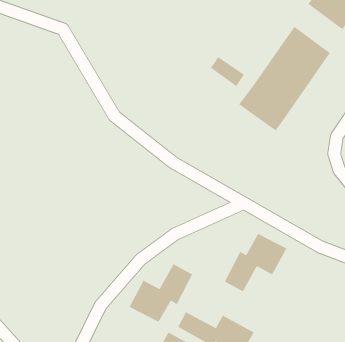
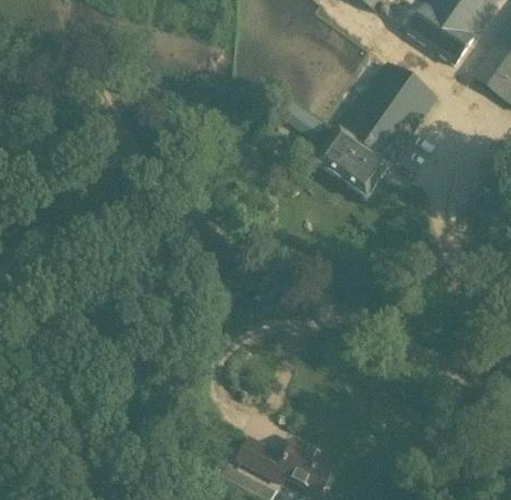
building: [224,233,287,292] -> none
building: [128,263,193,323] -> none

